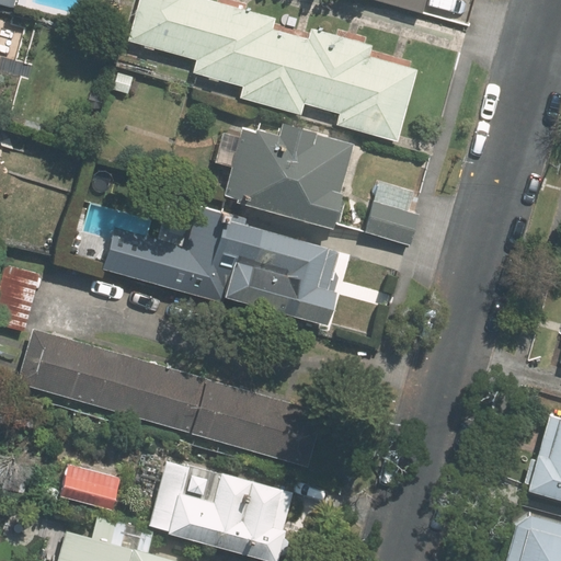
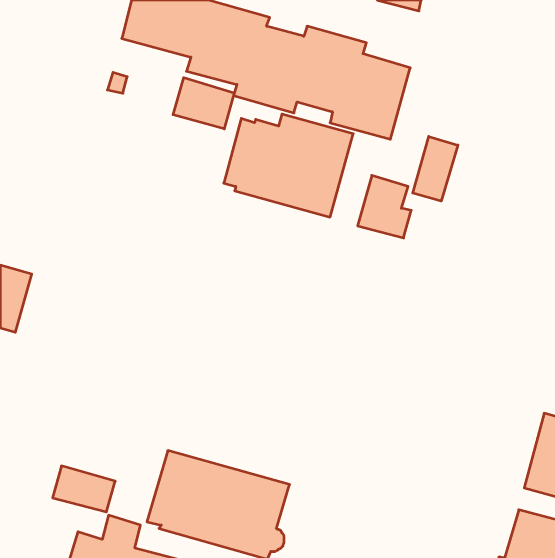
building: none -> [173,78,234,129]
building: none -> [413,136,458,201]
building: [112,207,339,325] -> none
building: [13,332,319,468] -> none

